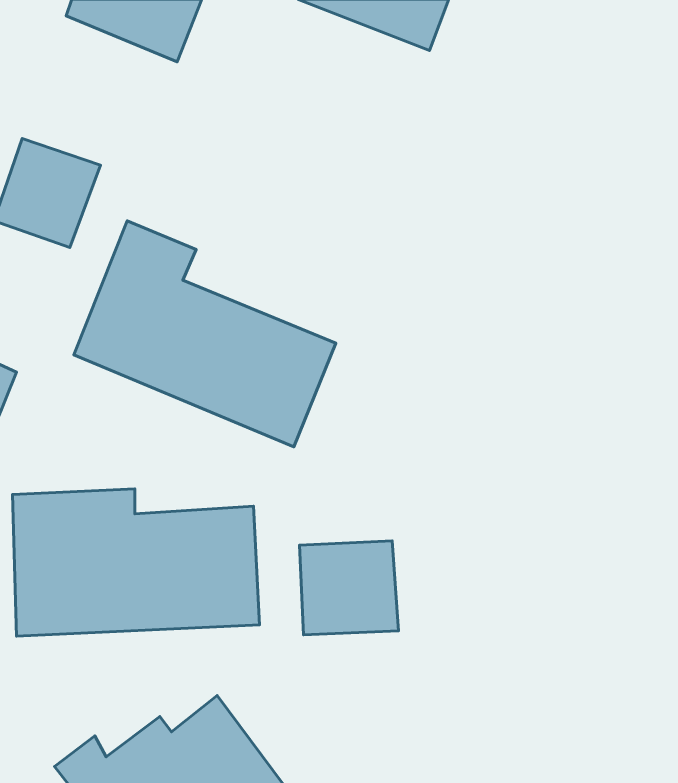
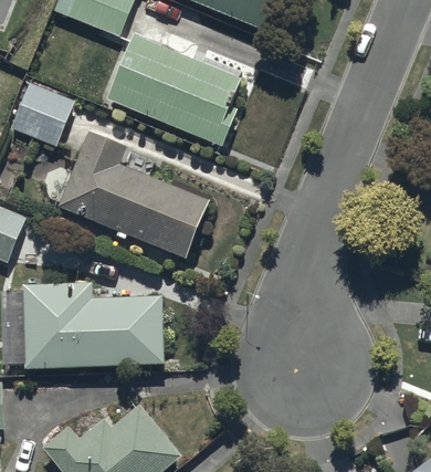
building: none -> [106,34,239,147]
building: [299,541,399,635] -> none

